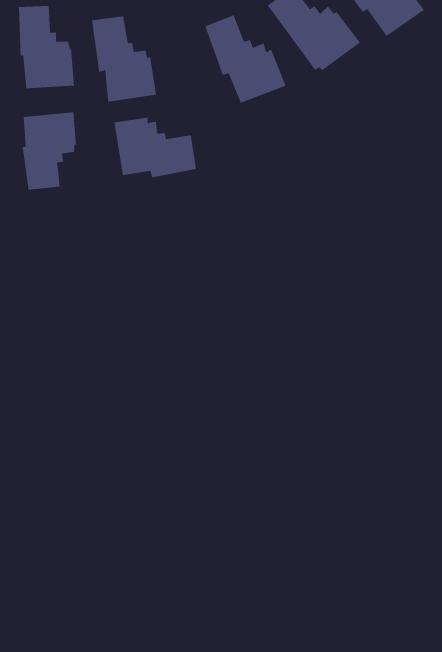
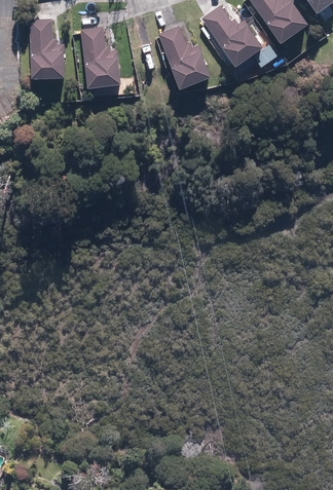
building: [22,112,77,191] -> none
building: [114,117,196,178] -> none

